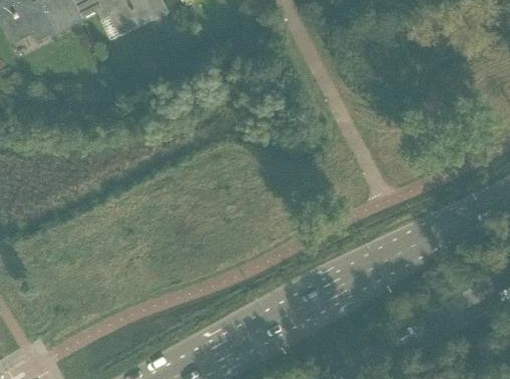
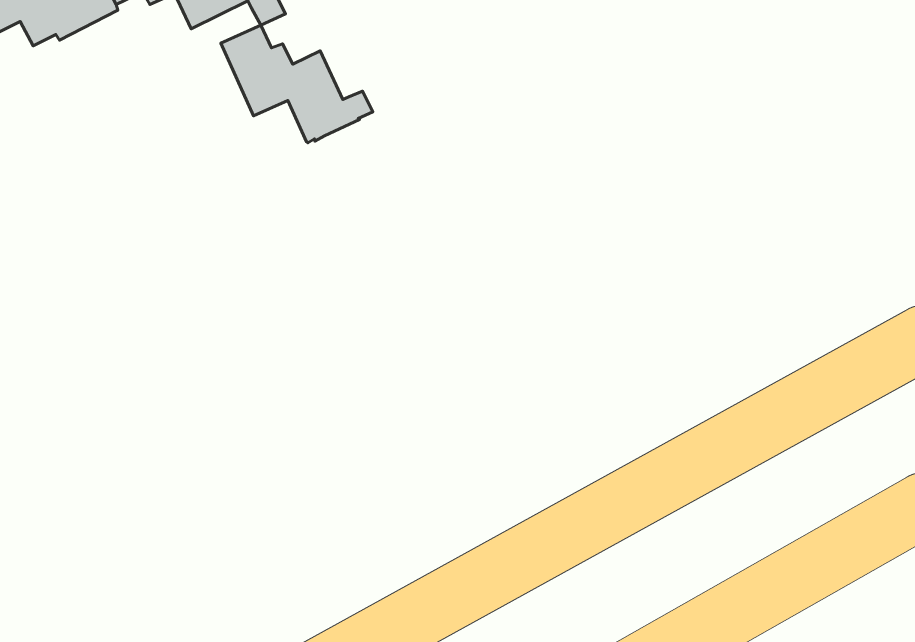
building: none -> [221,25,373,143]

